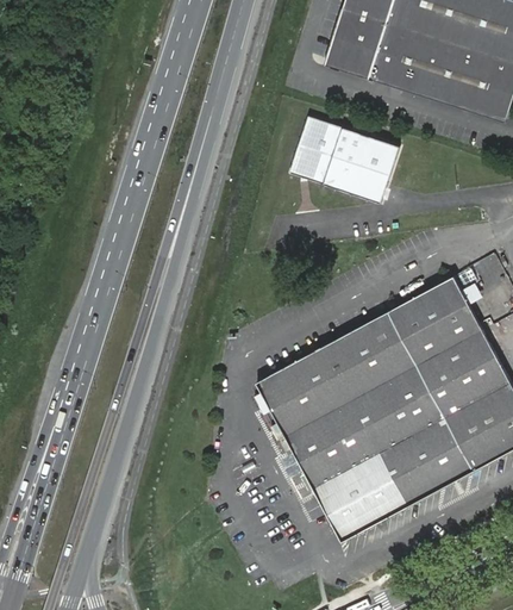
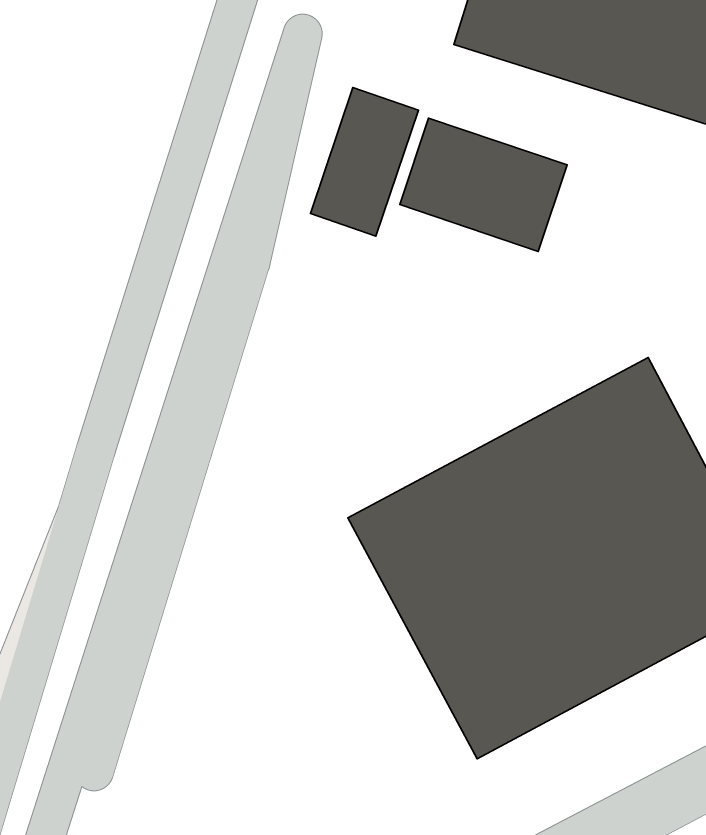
building: none -> [310,88,418,236]

